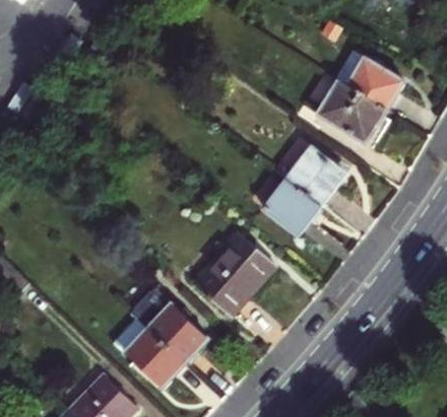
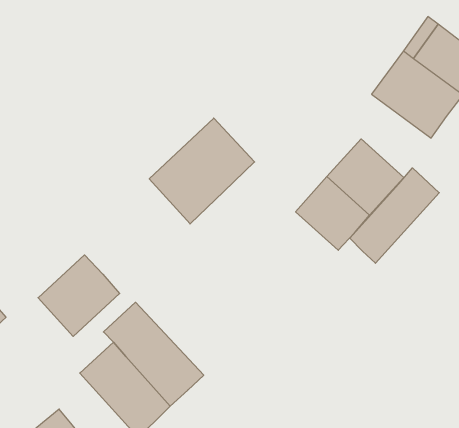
building: none -> [350,168,439,263]
building: [197,233,275,315] -> [149,118,255,224]
building: none -> [38,255,120,336]

